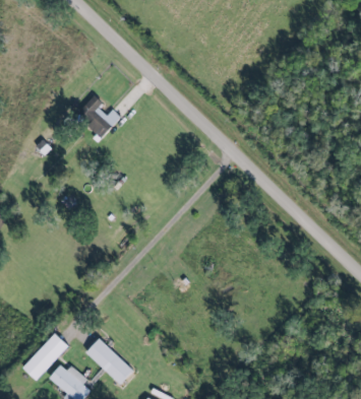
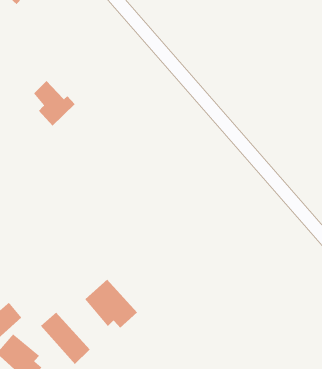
building: [81,96,121,138] -> [33,80,76,127]
building: none -> [84,279,138,329]

